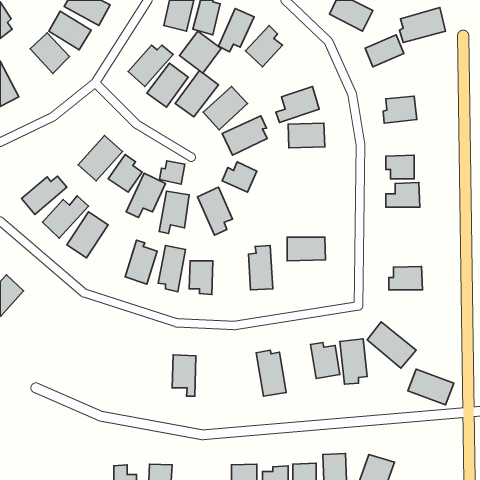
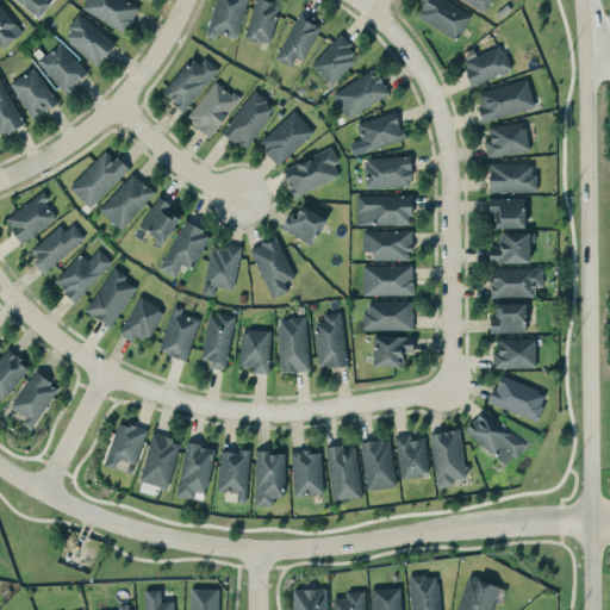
building: [399,8,446,42] -> [478,79,536,123]
building: [179,31,221,73] -> none
building: none -> [10,68,57,118]
building: none -> [332,69,390,120]
building: none -> [70,149,127,207]
building: none -> [490,163,536,193]
building: none -> [6,195,58,242]
building: none -> [357,195,412,225]
building: [160,161,185,184] -> none
building: none -> [363,230,412,261]
building: none -> [363,266,413,295]
building: none -> [492,268,543,299]
building: none -> [120,297,164,342]
building: none -> [491,304,527,334]
building: none -> [279,318,310,373]
building: none -> [374,336,413,367]
building: none -> [11,372,61,429]
building: none -> [105,422,148,469]
building: none -> [139,434,181,490]
building: none -> [361,440,398,492]
building: none -> [179,444,214,499]
building: none -> [292,452,323,496]
building: none -> [256,453,285,506]
building: [408,369,454,405] -> [490,375,548,421]

